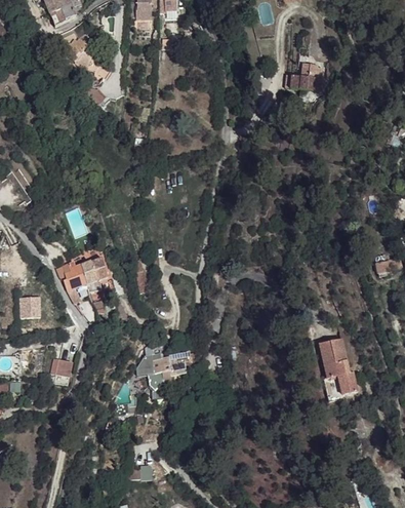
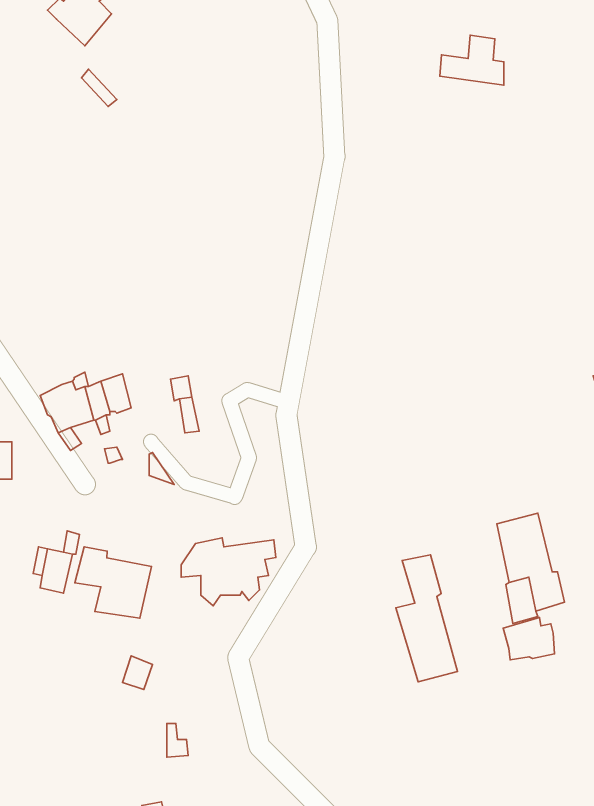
building: none -> [75,547,152,618]
building: none -> [396,555,458,682]
building: none -> [503,618,555,660]

